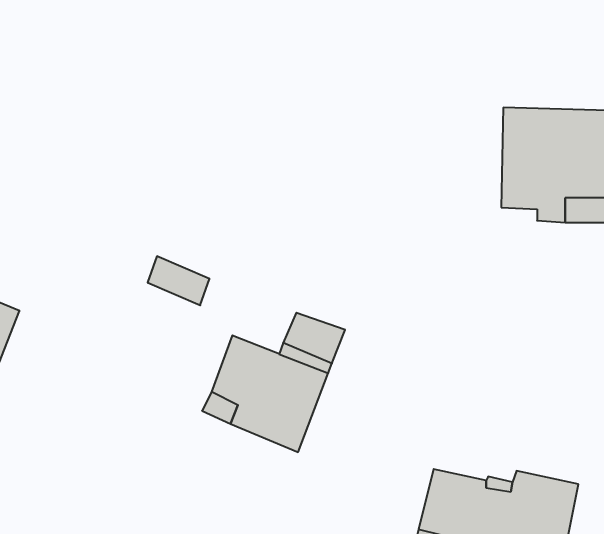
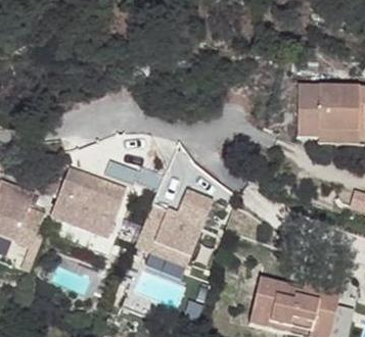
building: none -> [48,166,127,244]

